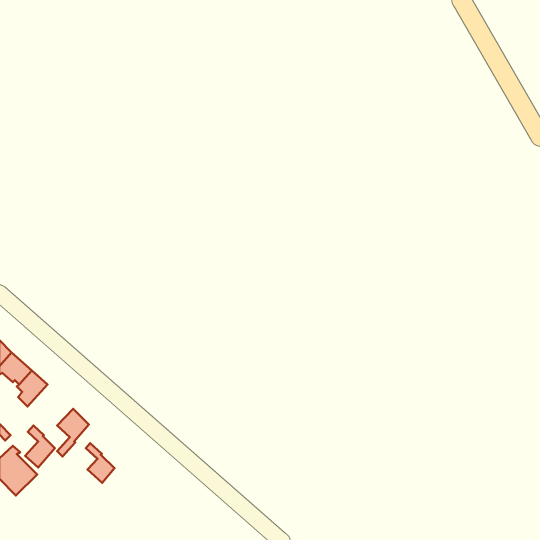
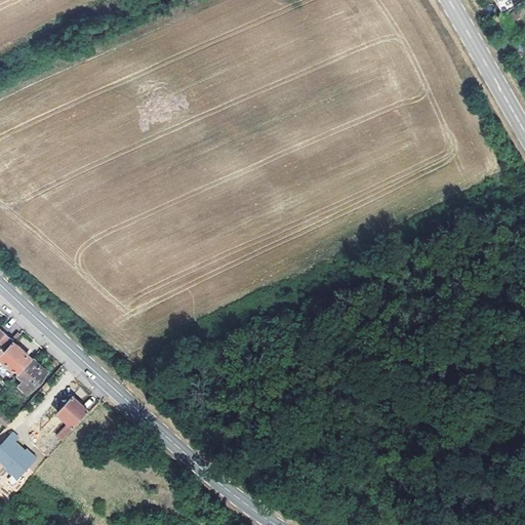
building: [25,426,55,467] -> none
building: [86,443,114,483] -> none

